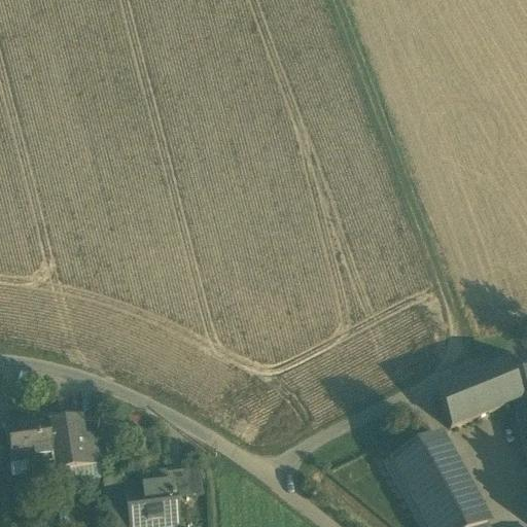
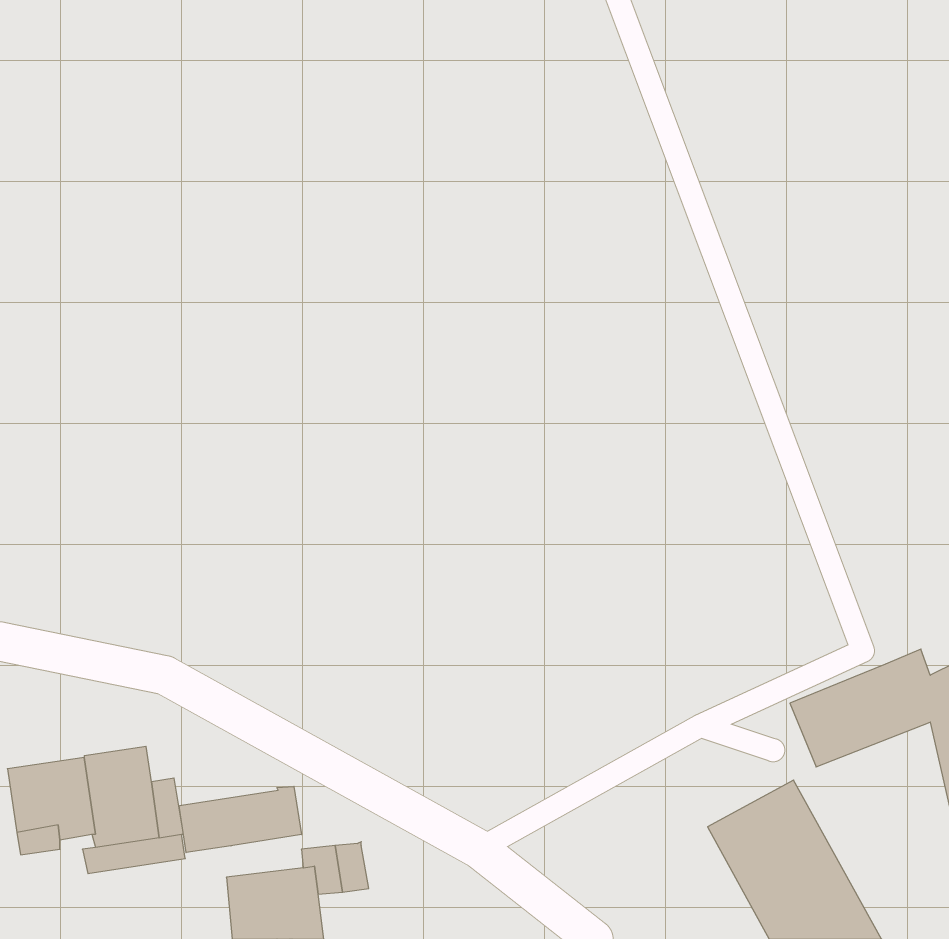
building: none -> [179,786,301,853]

